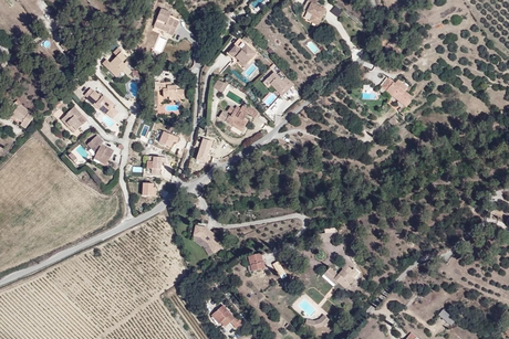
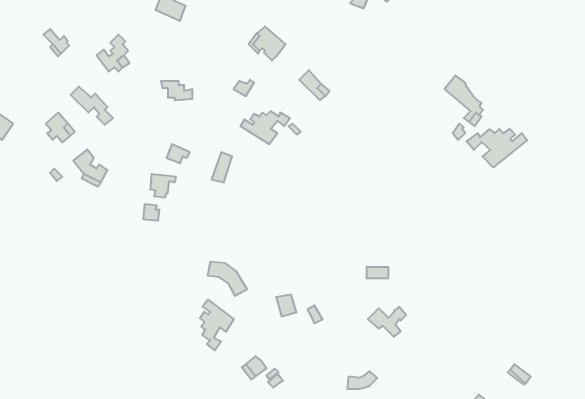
building: none -> [466,129,527,167]
building: none -> [200,300,234,350]

